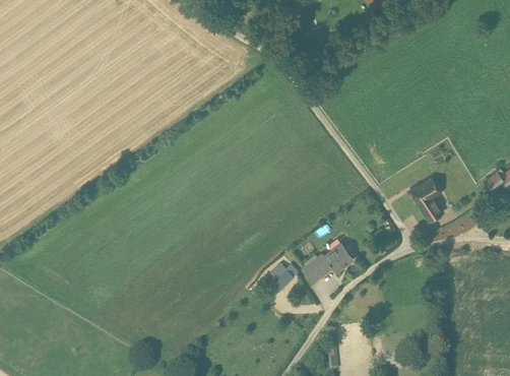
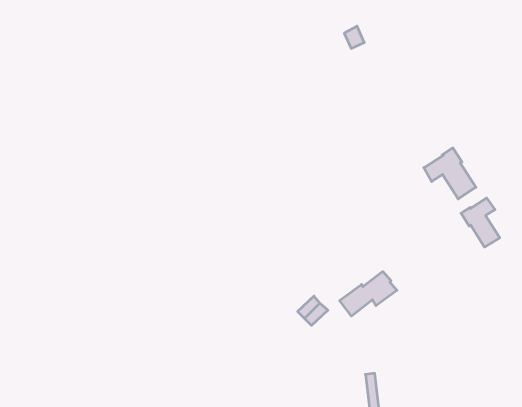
building: none -> [424,148,476,199]

